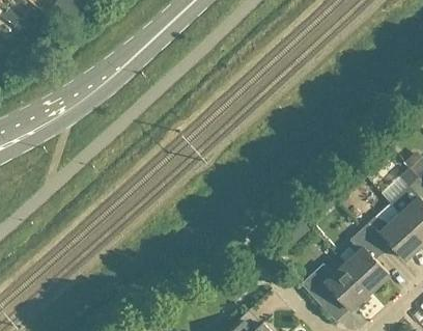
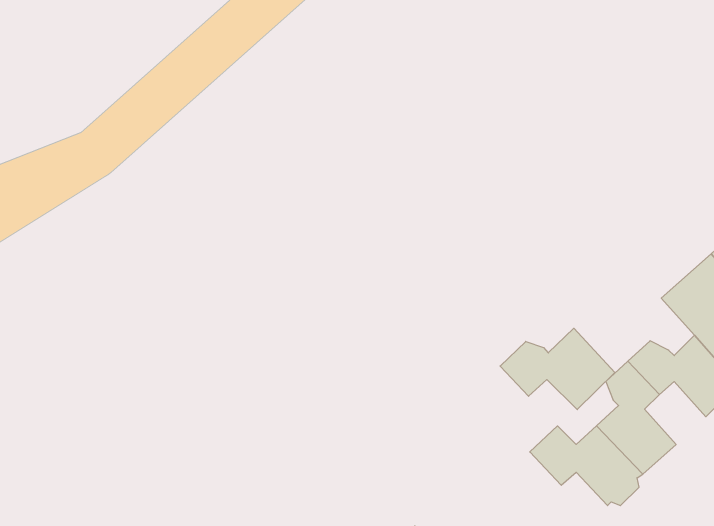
building: none -> [500,328,615,410]

